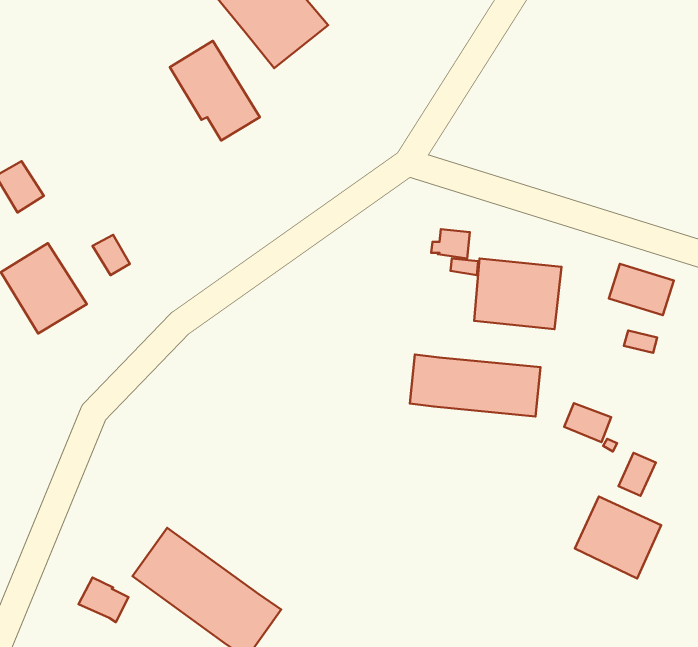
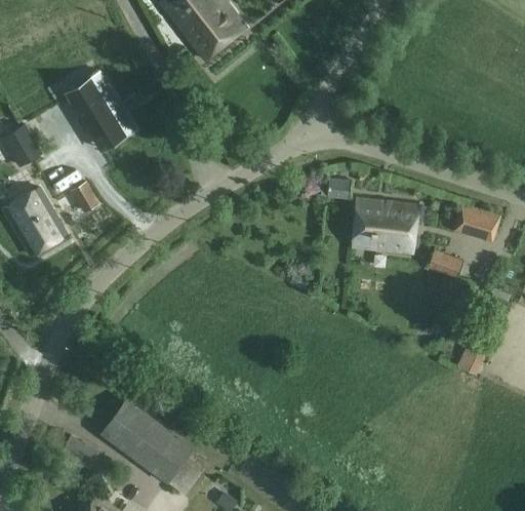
building: [170,41,260,141] -> [67,73,133,147]
building: [410,354,541,416] -> none
building: [564,403,611,442] -> [428,250,462,279]
building: [575,496,661,579] -> none

